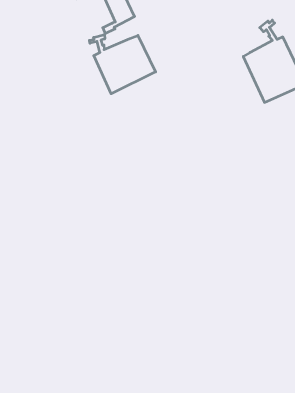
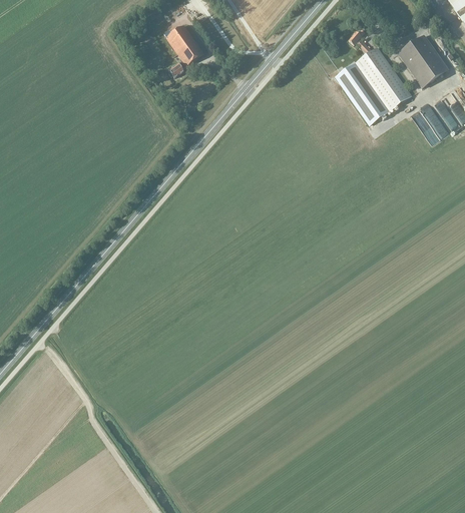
building: [89,34,156,94] -> none

